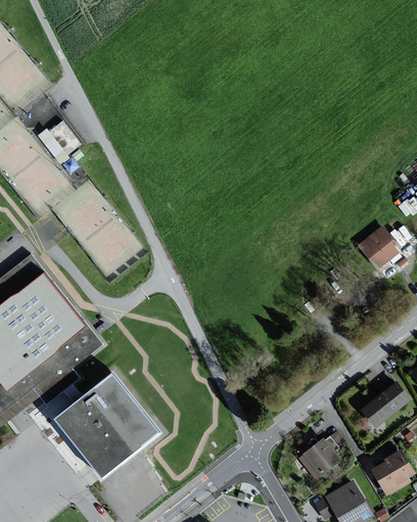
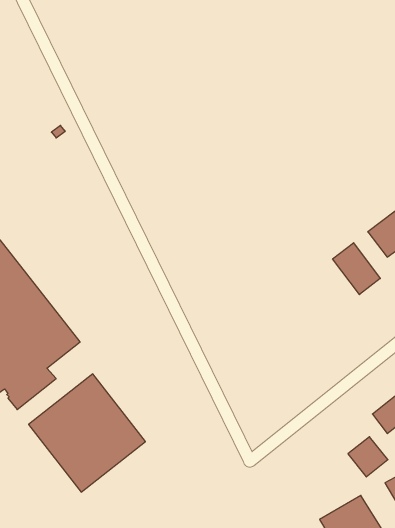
building: [38,121,81,164] -> none
building: none -> [333,243,380,295]
building: [304,438,339,474] -> [348,437,388,477]

